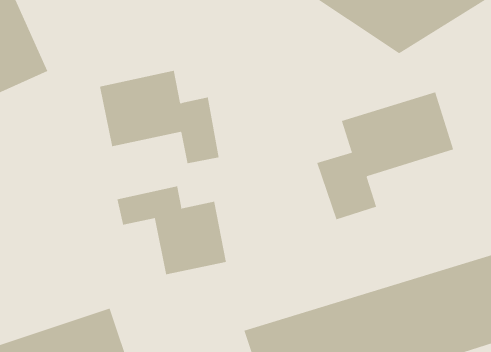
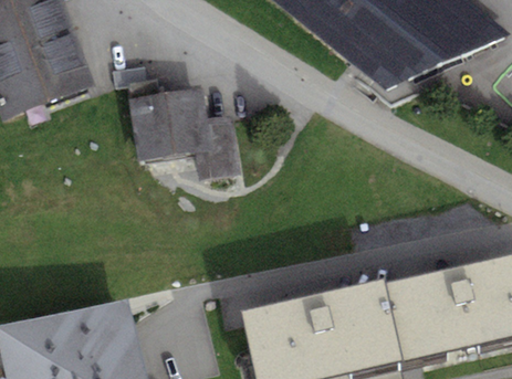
building: [317,92,454,220] -> none
building: [117,185,227,275] -> none

